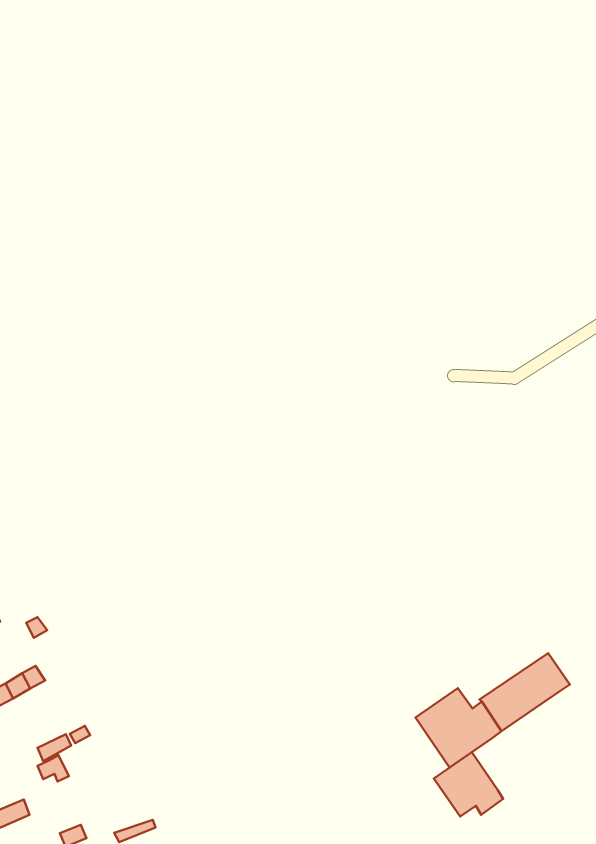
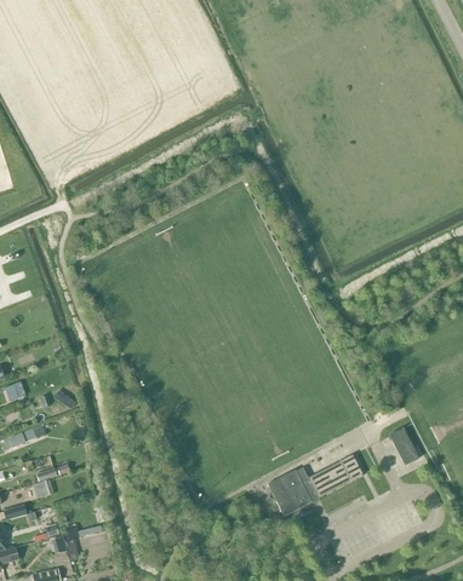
building: [434,752,503,816] -> none

